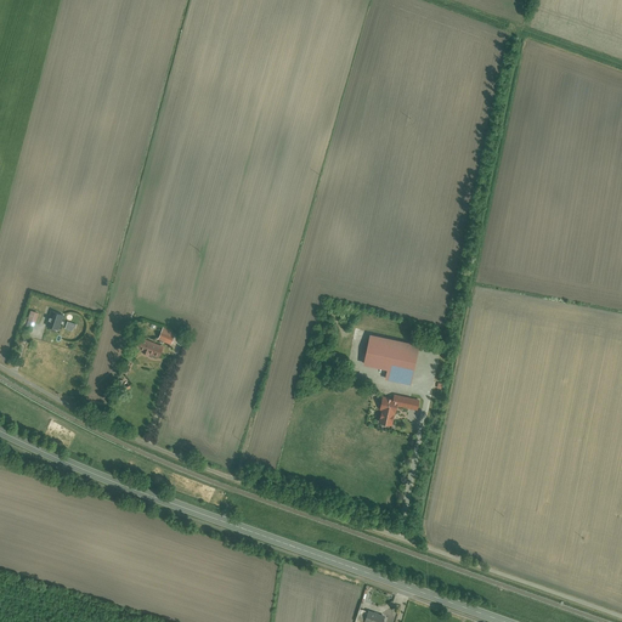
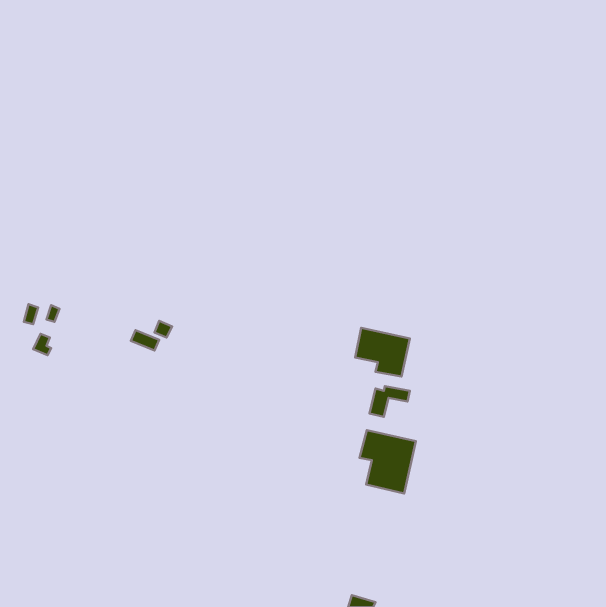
building: none -> [359,430,416,494]

